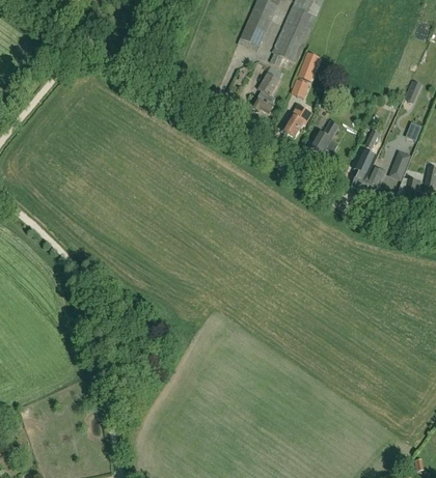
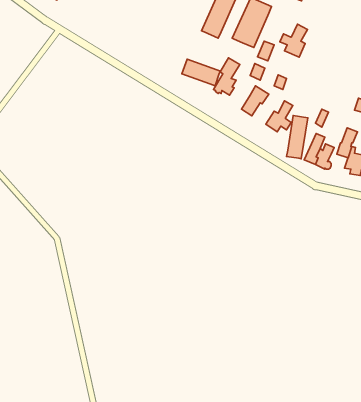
building: none -> [280,24,308,57]
building: none -> [182,59,220,86]
building: none -> [287,116,308,159]

